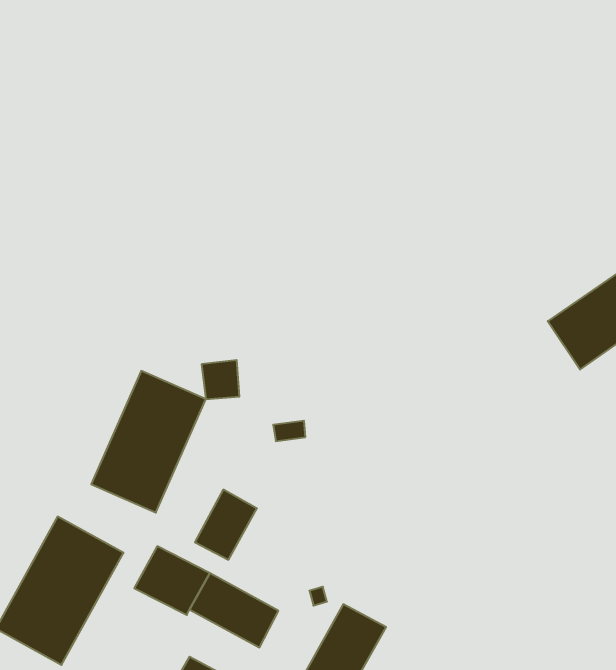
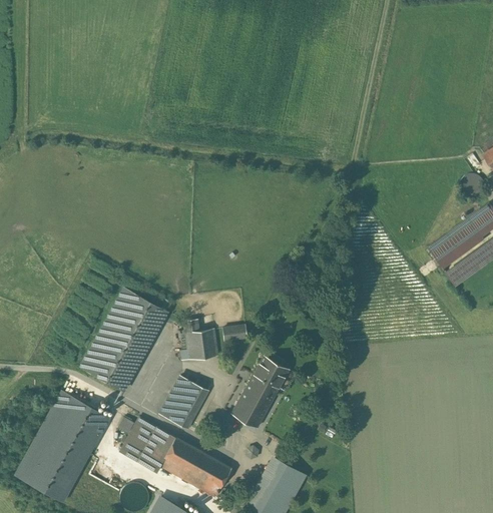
building: [202,360,239,399] -> [187,327,215,356]
building: none -> [230,358,289,430]

